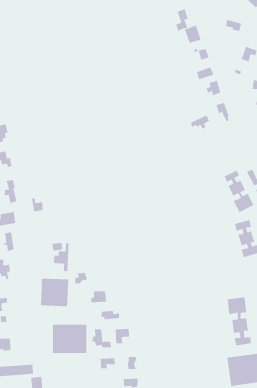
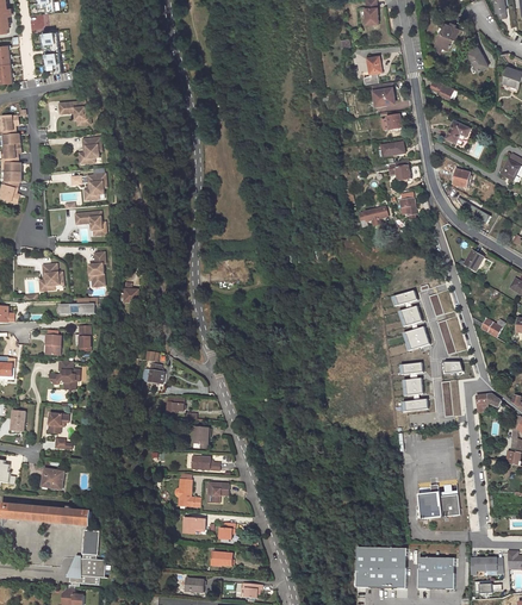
building: [40,278,69,307] -> none
building: [227,297,251,346] -> none
building: [52,324,87,354] -> none

